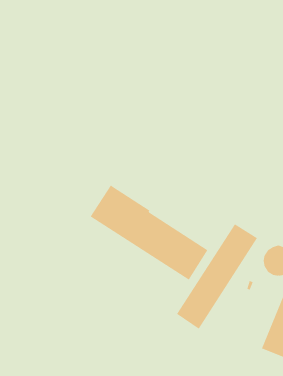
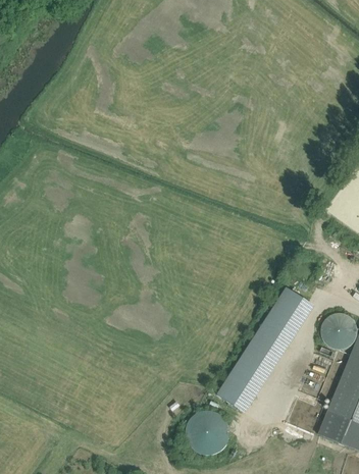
building: [90,185,208,280] -> none
building: none -> [185,409,228,454]

